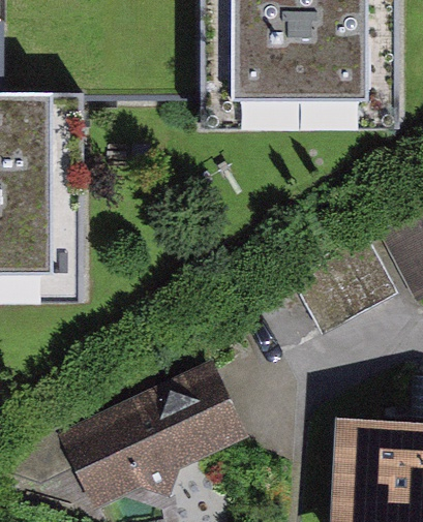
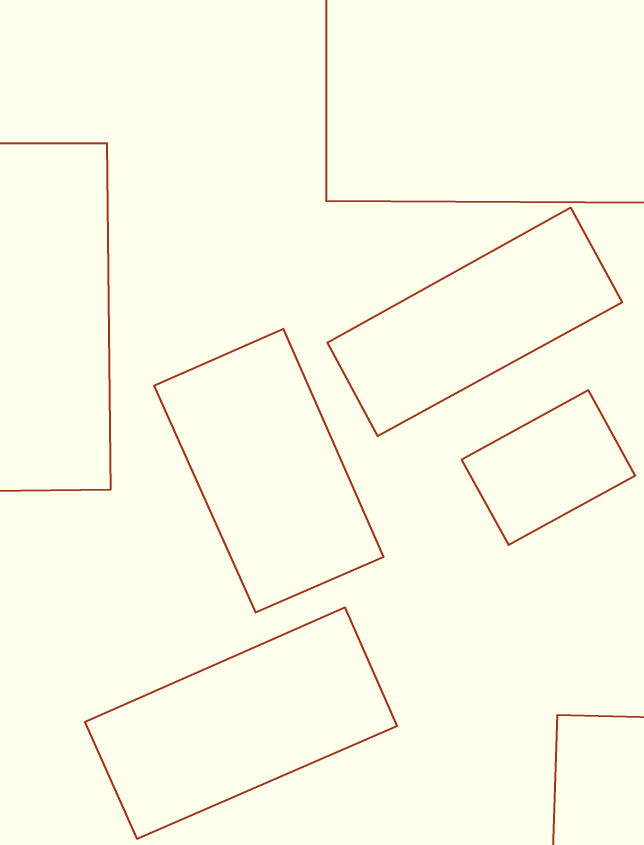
building: none -> [327,208,622,436]
building: none -> [154,329,384,613]

